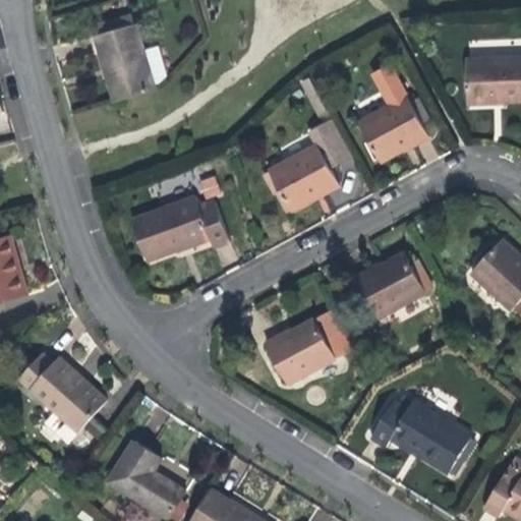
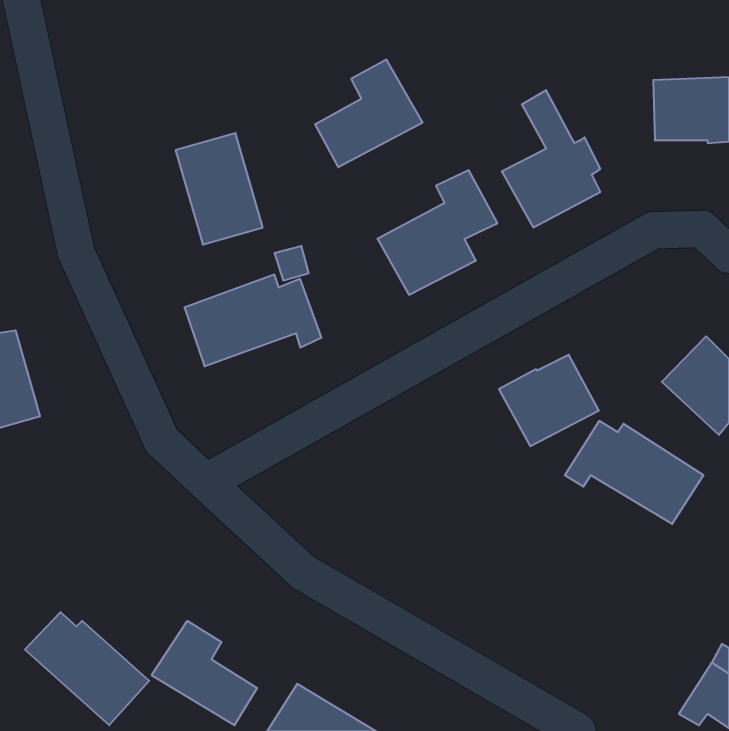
building: [94,22,156,102] -> [176,133,263,245]
building: none -> [315,59,423,167]
building: [268,308,353,383] -> none
building: [18,352,107,432] -> [25,612,149,725]
building: [371,398,470,471] -> [565,421,704,524]

